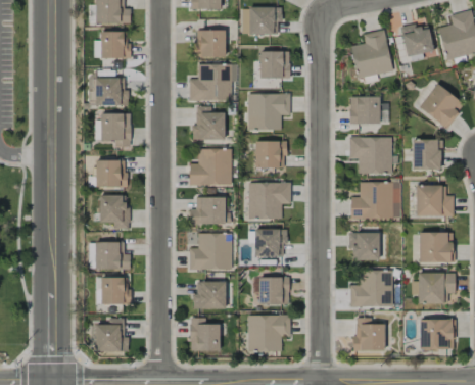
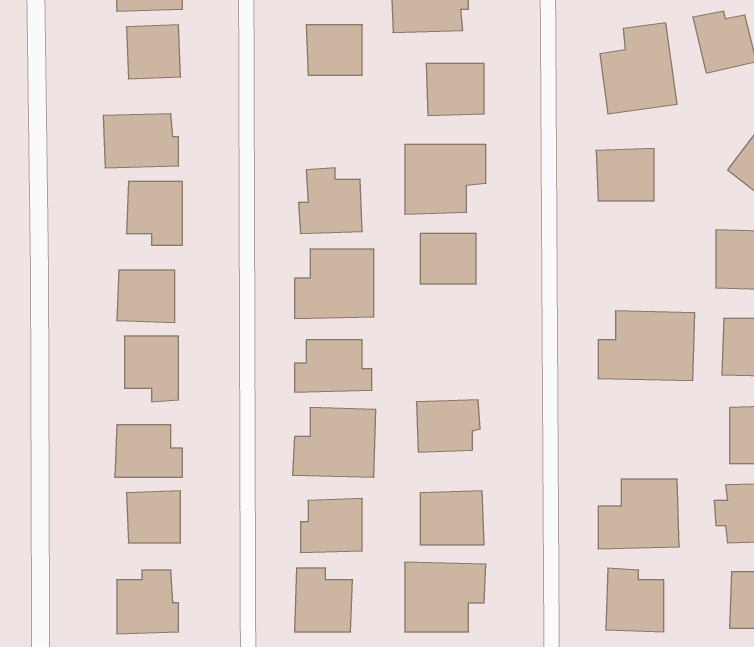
building: [190,64,232,101] -> none
building: [349,137,392,174] -> none
building: [248,183,291,219] -> none
building: [349,233,380,260] -> none

